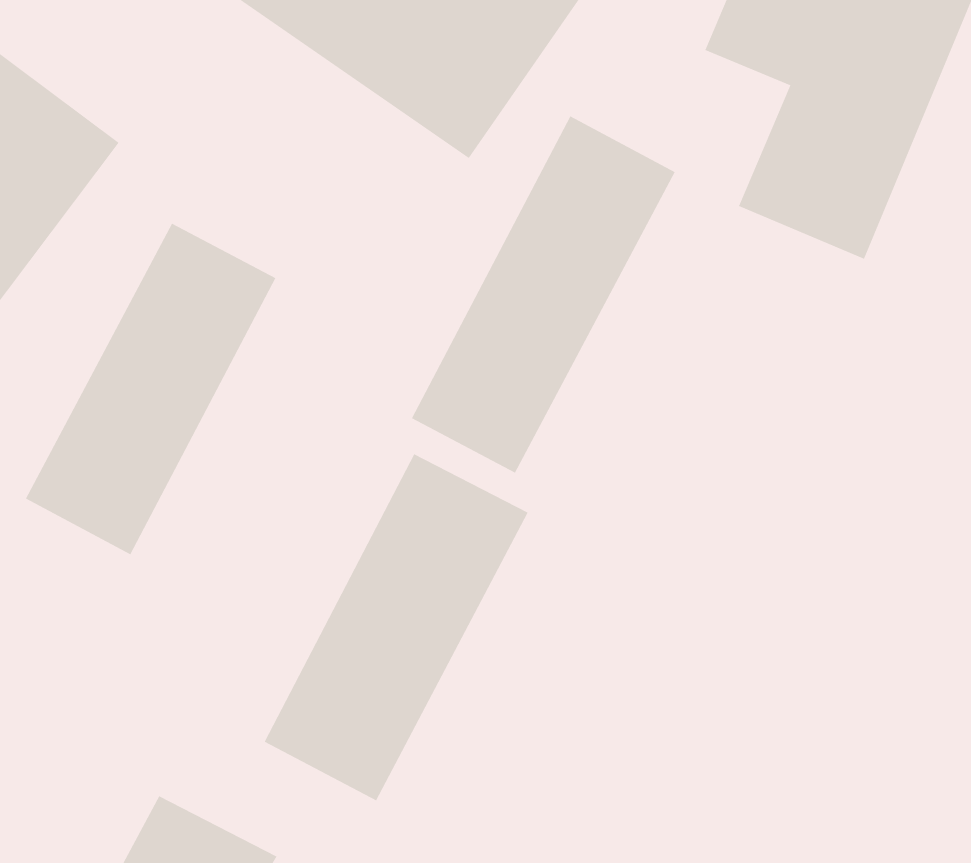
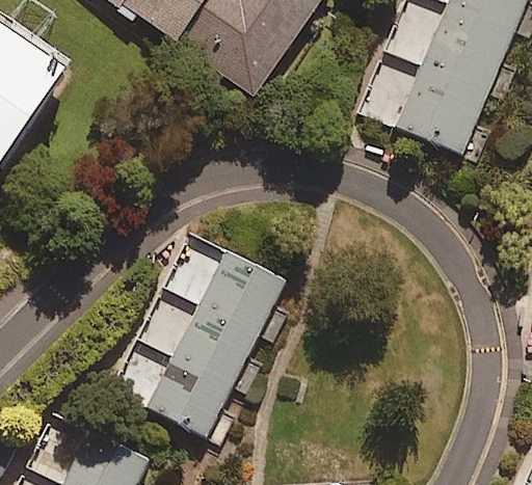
building: [411,116,675,473] -> none
building: [25,223,276,555] -> none

